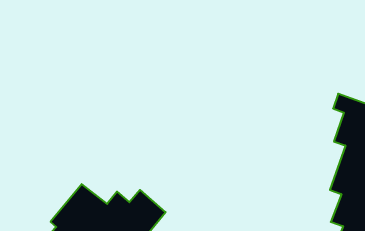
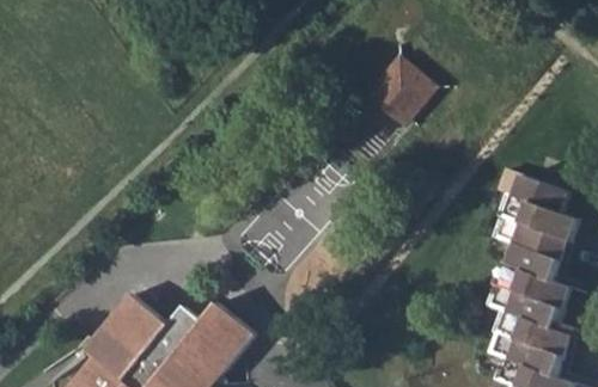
building: none -> [377,59,434,113]

